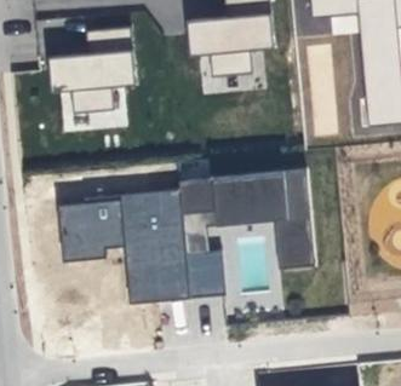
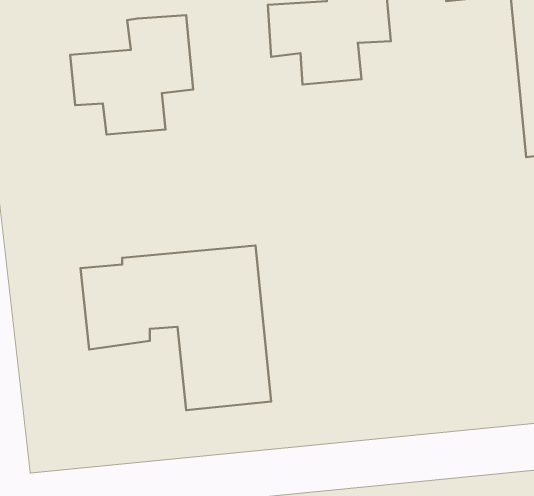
building: [179,169,315,299] -> none

